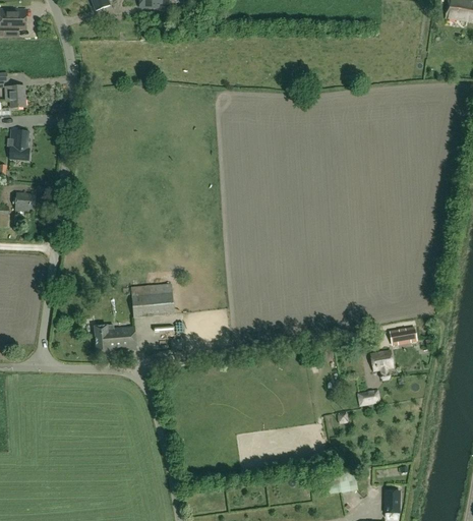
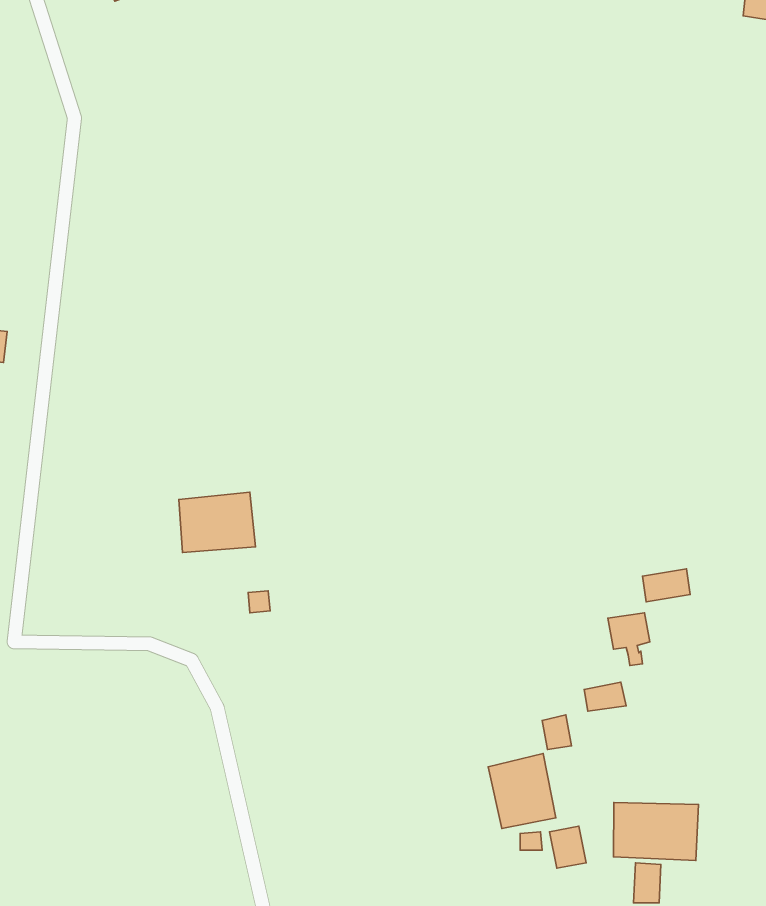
building: [95,324,136,352] -> none
building: none -> [488,754,556,828]
building: none -> [613,803,698,861]

